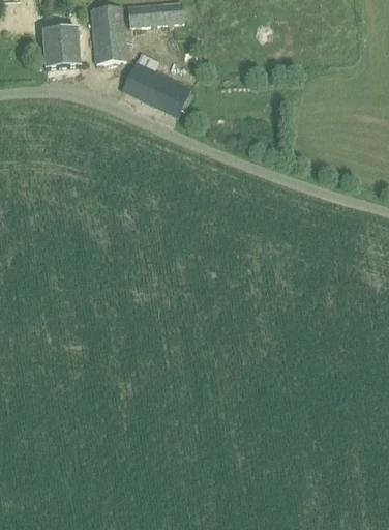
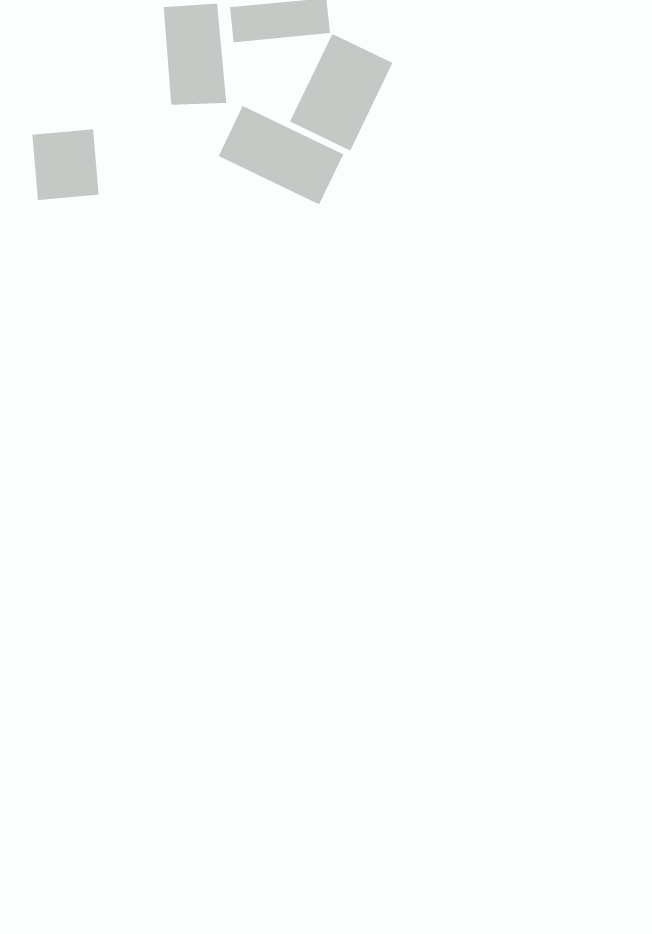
building: none -> [289,33,393,151]
building: [42,27,80,66] -> [31,129,99,201]

